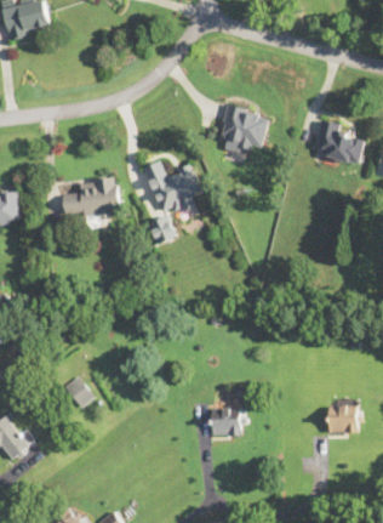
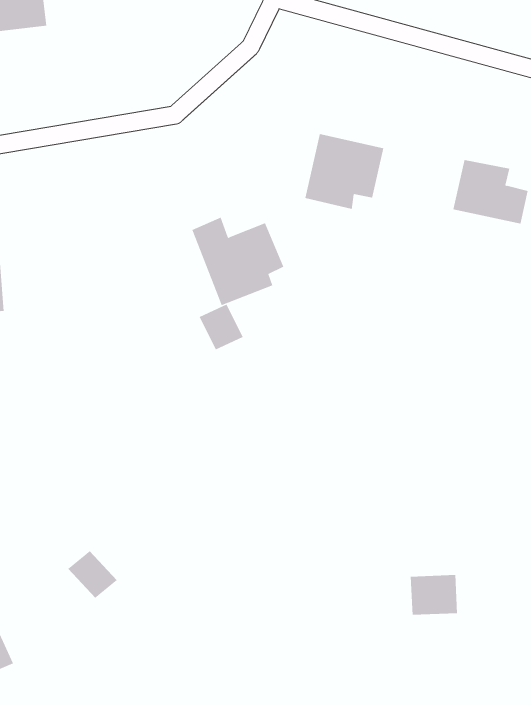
building: [63,177,120,220] -> none
building: [327,407,359,433] -> [410,575,458,615]
building: [211,409,240,436] -> none

